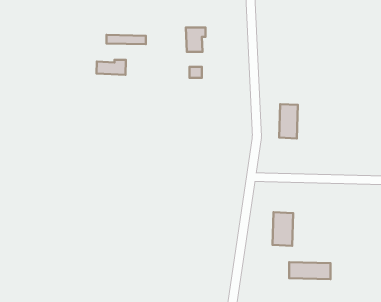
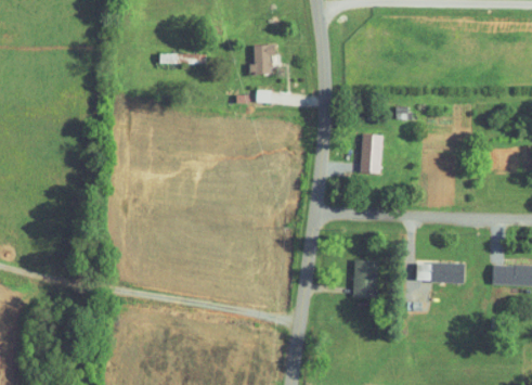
building: [96,60,126,75] -> none
building: [289,262,330,279] -> [417,262,465,282]

